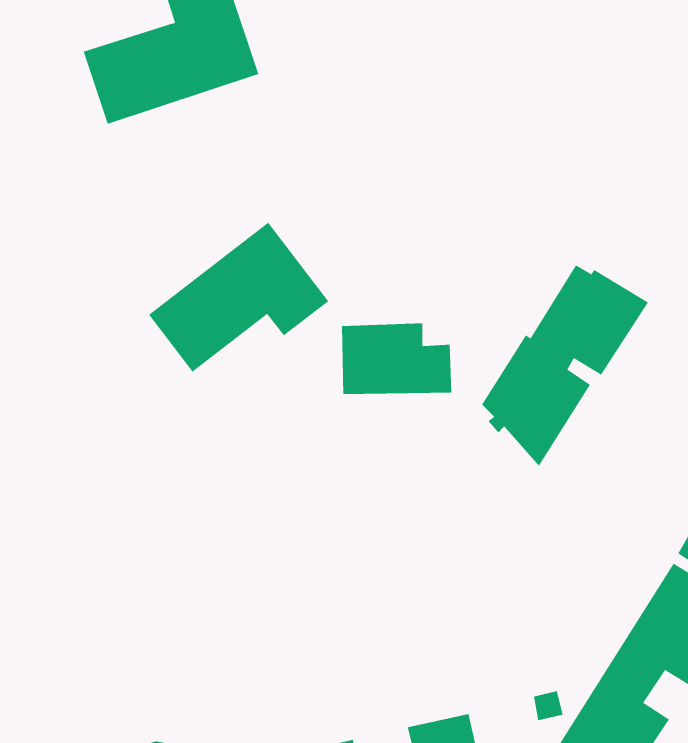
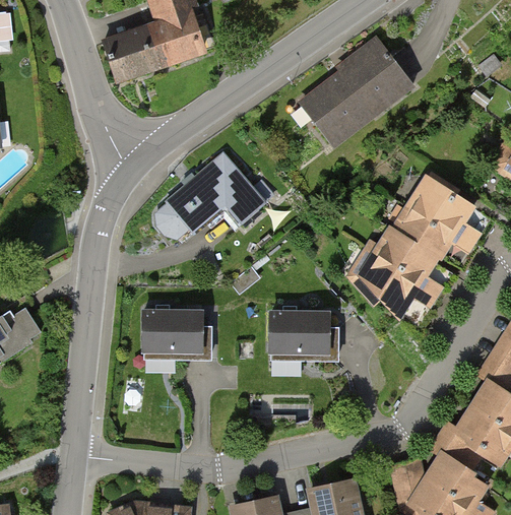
building: none -> [293,41,409,147]
building: [341,323,452,394] -> [265,318,339,366]
building: none -> [141,314,195,355]

